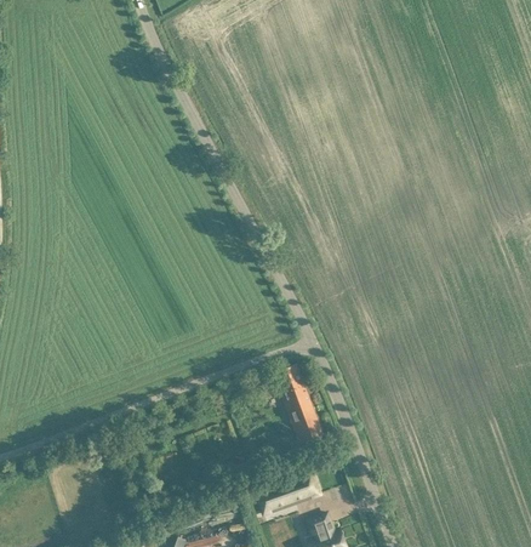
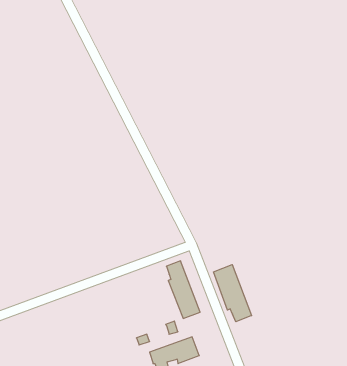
building: none -> [214,265,252,322]

